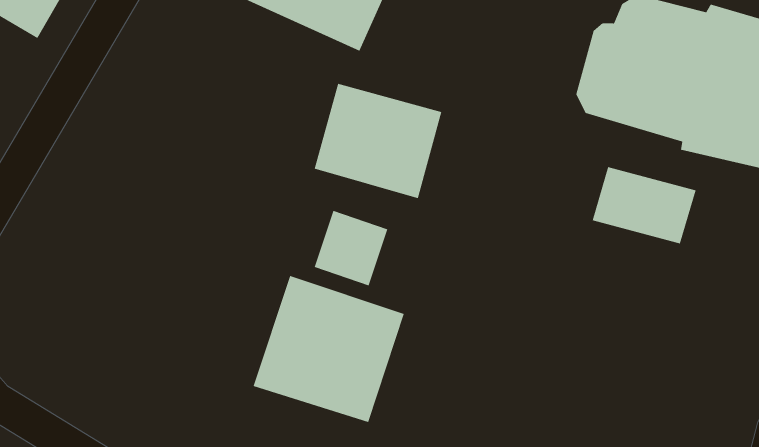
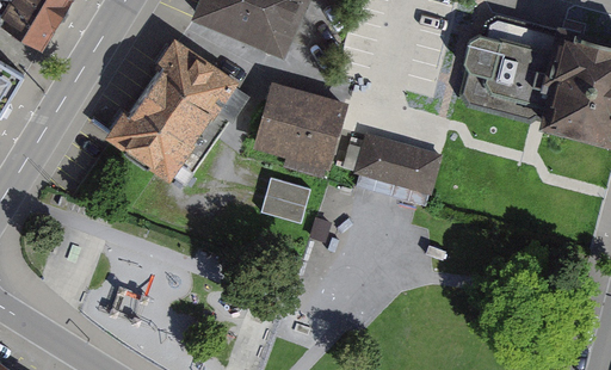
building: none -> [111,42,248,185]
building: [592,166,696,244] -> [352,135,431,193]
building: [253,275,405,423] -> none

